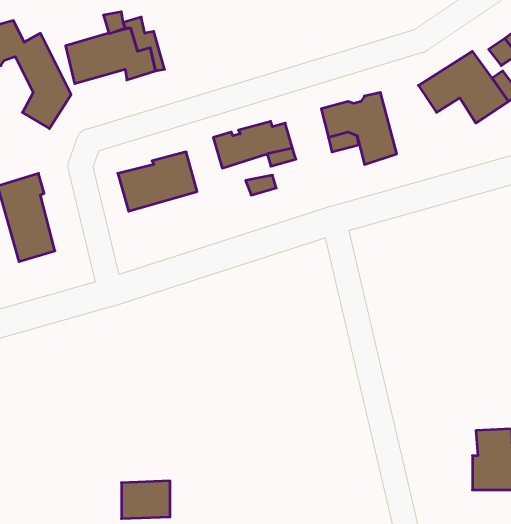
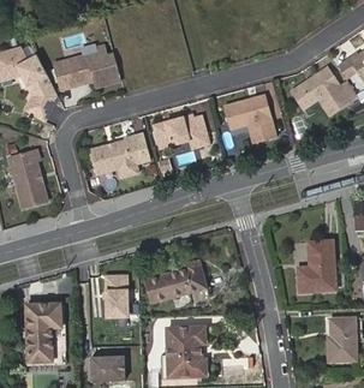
building: none -> [296,241,332,292]
building: none -> [142,259,203,303]
building: none -> [107,274,127,315]
building: none -> [25,302,60,360]
building: none -> [166,326,204,375]

